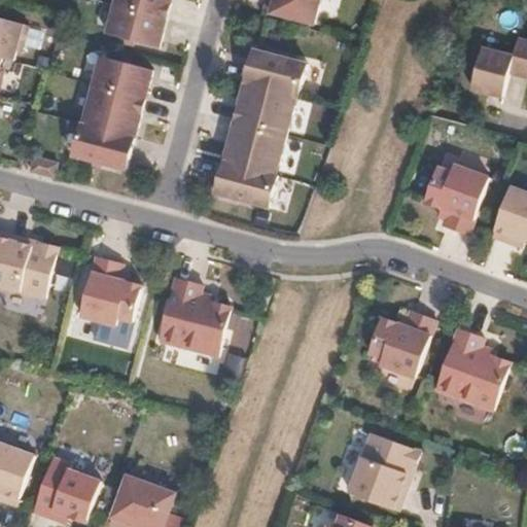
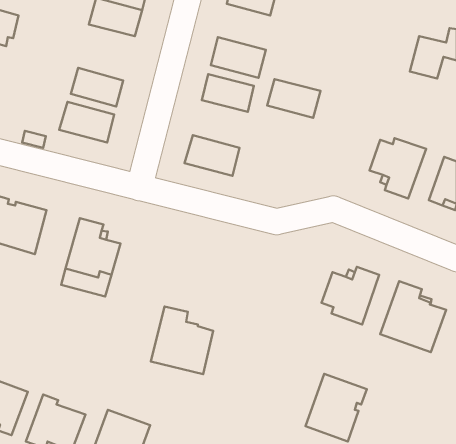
building: [92,55,151,98] -> none
building: [224,120,285,165] -> [267,79,320,118]
building: [159,277,230,354] -> [151,306,213,374]

